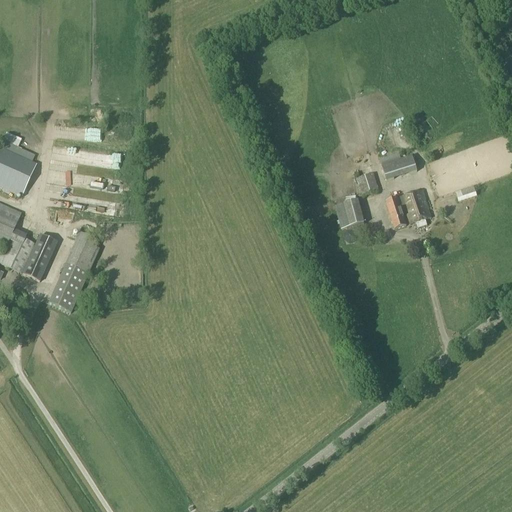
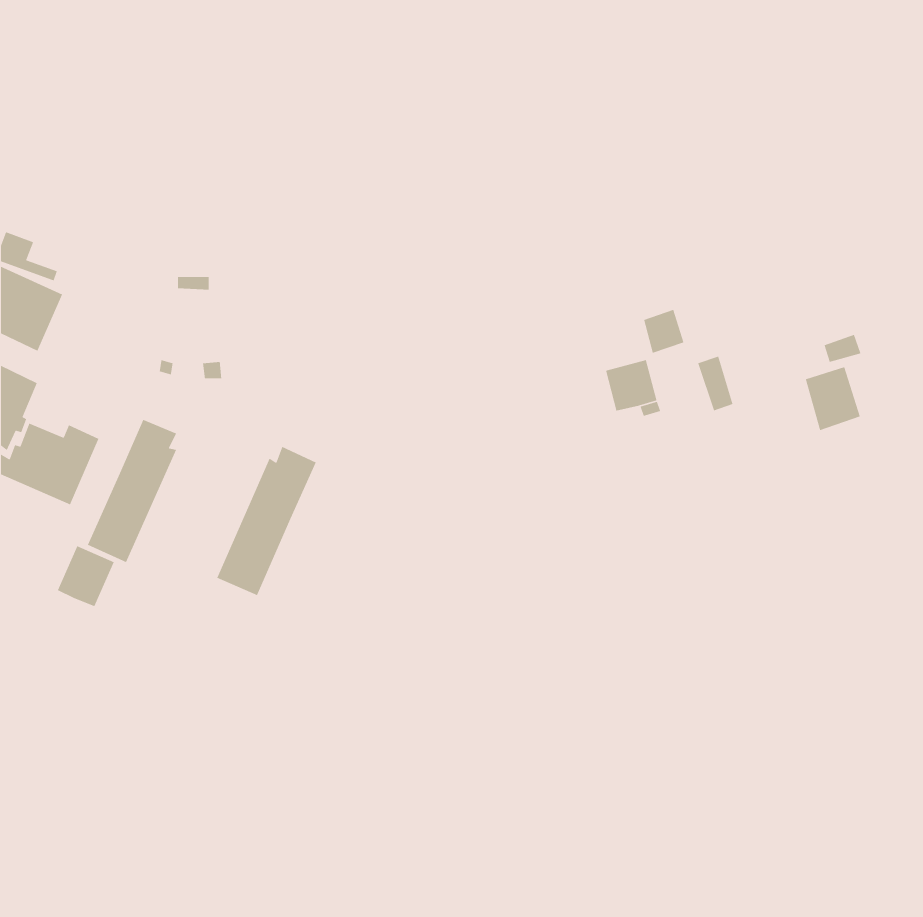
building: [383,154,418,178] -> none
building: [401,188,432,224] -> [805,366,861,431]
building: none -> [216,446,317,596]
building: none -> [57,545,115,607]

